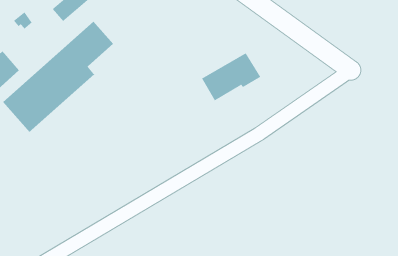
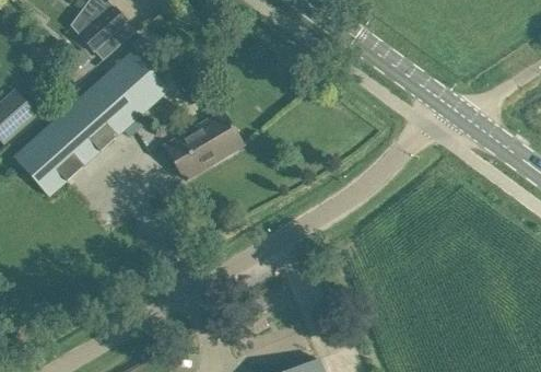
building: [201,52,261,103] -> [165,113,243,178]

